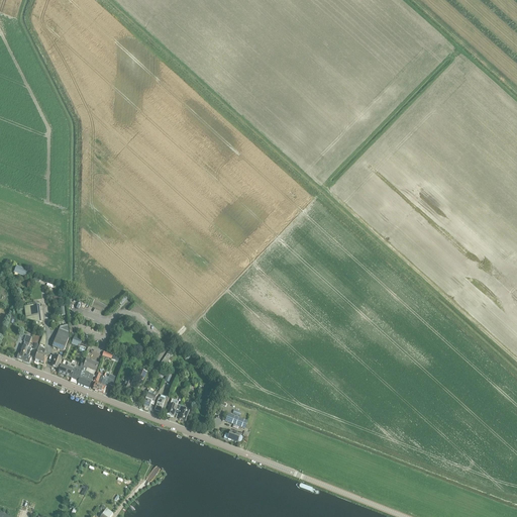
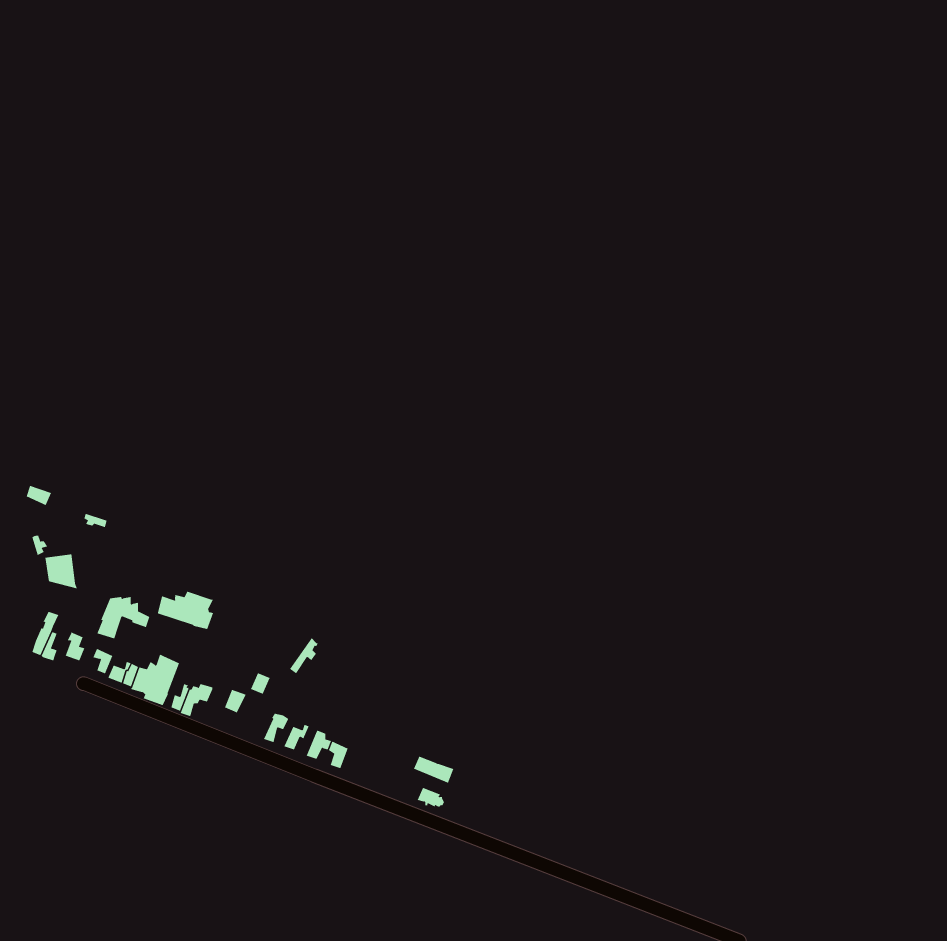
building: none -> [157,591,214,630]

